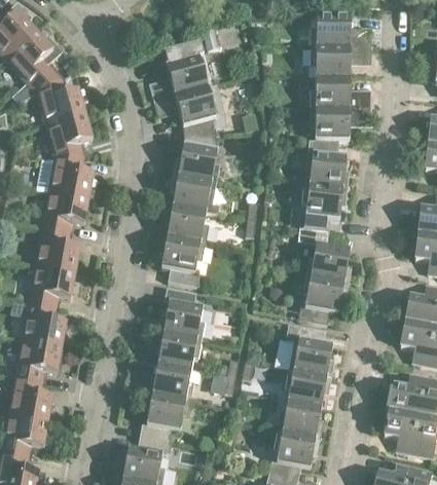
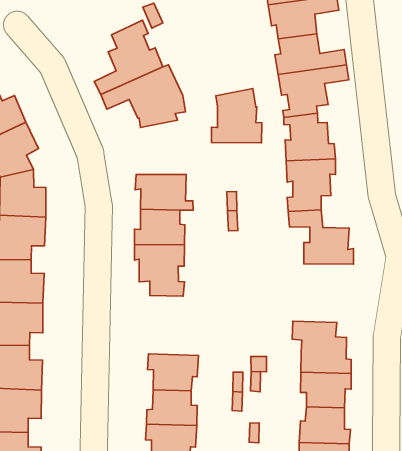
building: [173,135,219,183] -> [211,89,262,143]
building: [297,276,349,326] -> none
building: [158,289,205,341] -> none

